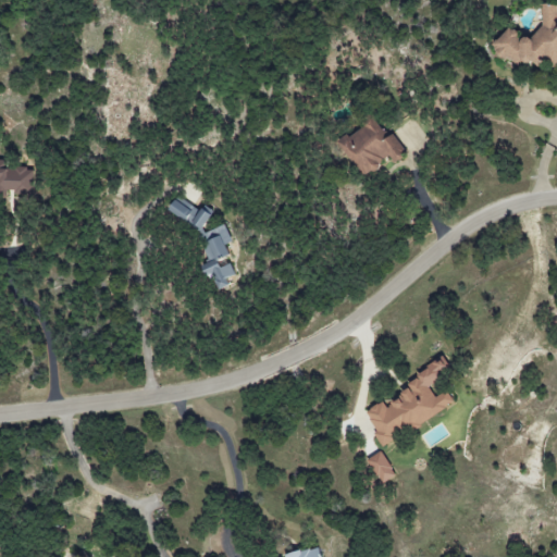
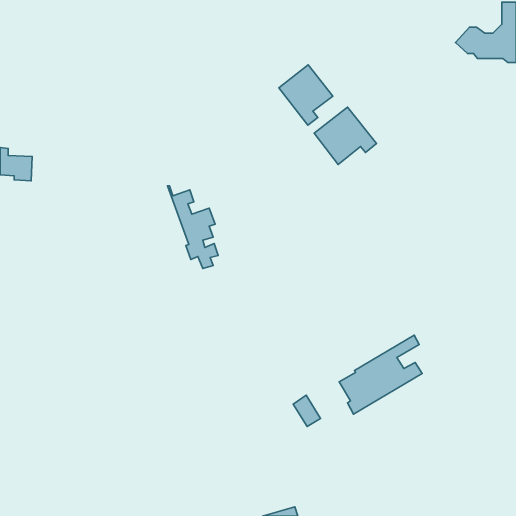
building: none -> [279,65,333,125]
building: [367,450,396,484] -> [293,395,320,426]

